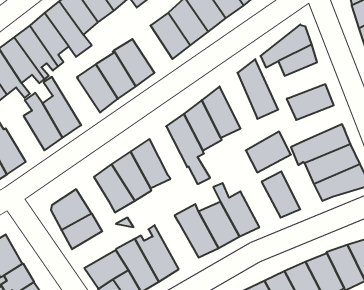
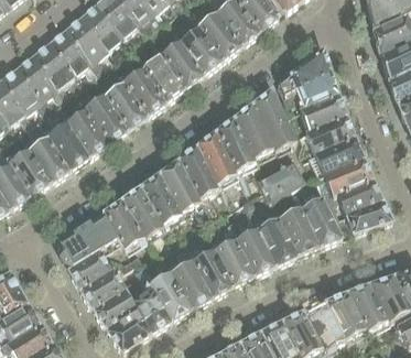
building: none -> [143,53,185,102]
building: none -> [300,91,346,129]
building: none -> [58,102,109,158]
building: none -> [235,102,273,156]
building: none -> [315,137,364,174]
building: none -> [10,148,51,196]
building: none -> [161,159,201,210]
building: none -> [244,195,299,264]
building: none -> [300,196,343,246]
building: none -> [84,211,118,249]
building: none -> [166,249,213,308]
building: none -> [79,268,126,307]

